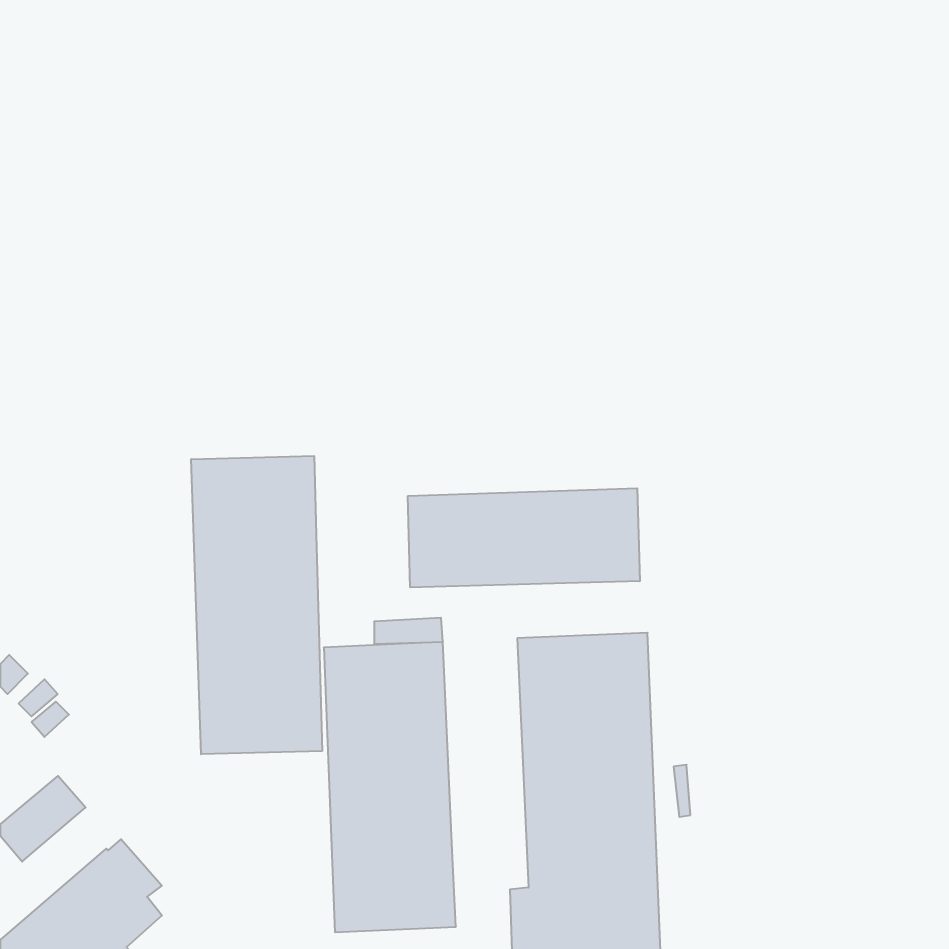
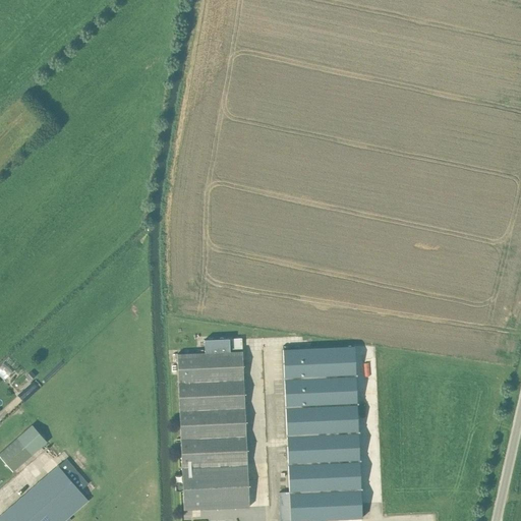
building: [191,456,322,754] -> none
building: [408,488,640,587] -> none

